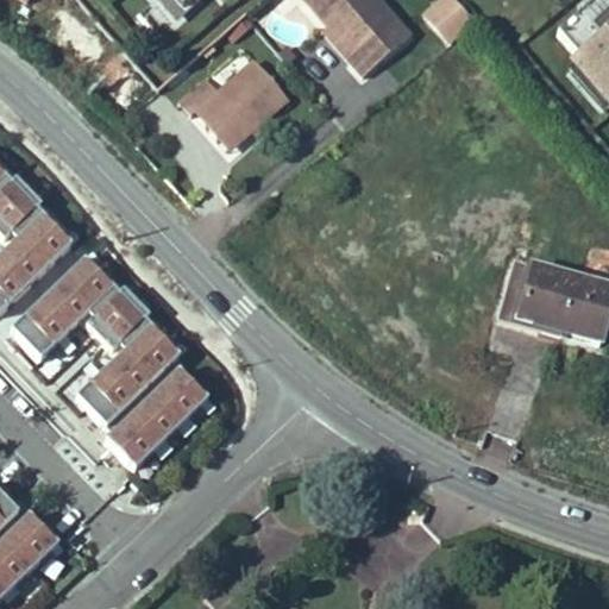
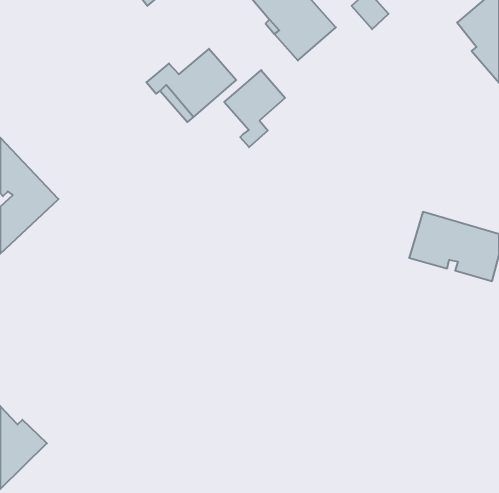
building: none -> [224,70,285,147]
building: [10,255,207,467] -> none

